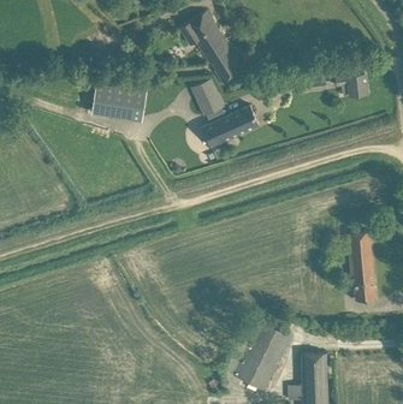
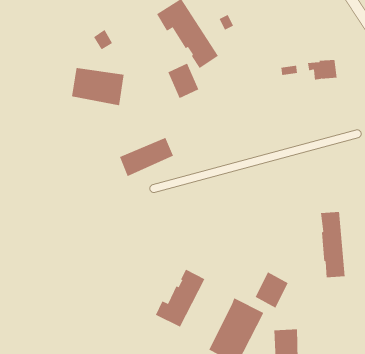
building: [202,106,259,147] -> [119,137,174,177]
building: none -> [155,269,205,328]
building: none -> [255,272,289,308]

